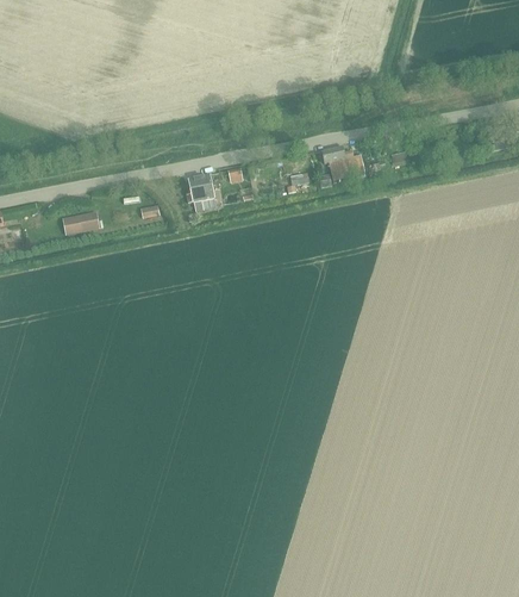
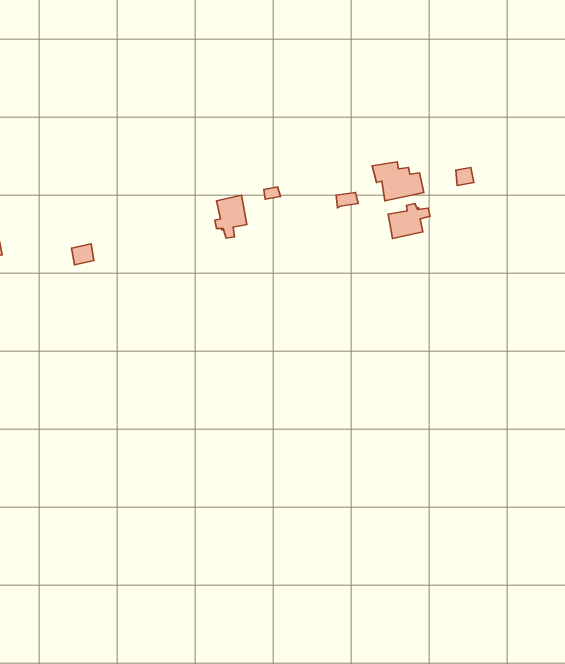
building: none -> [388,203,430,238]

